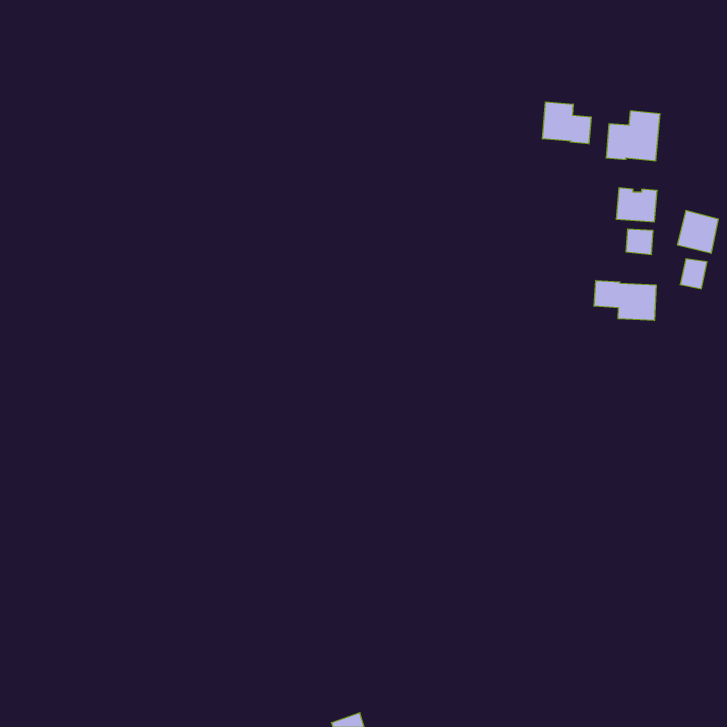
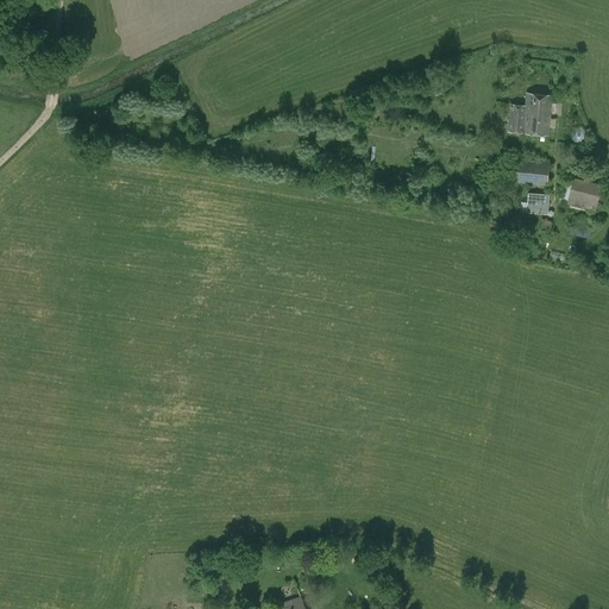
building: [543,102,591,144] -> none
building: [594,280,656,321] -> none

